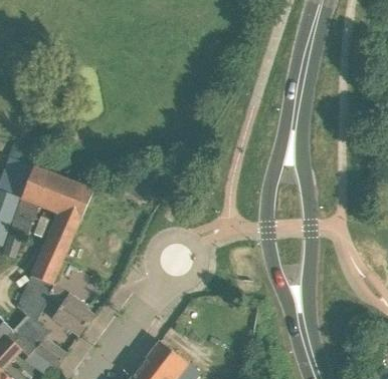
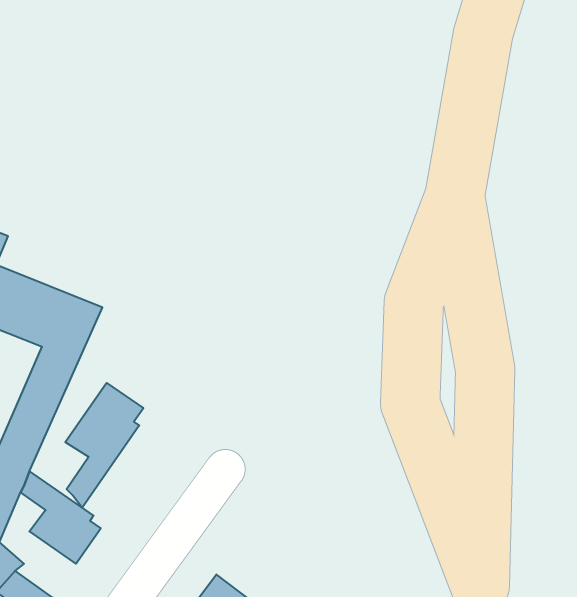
building: none -> [65,383,143,508]

